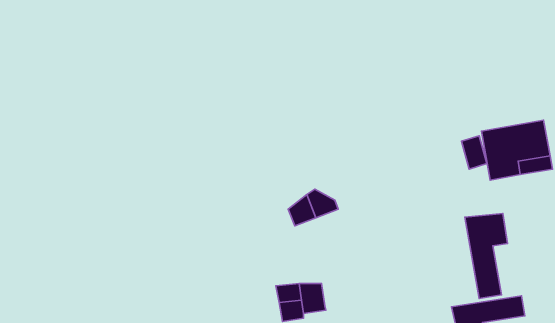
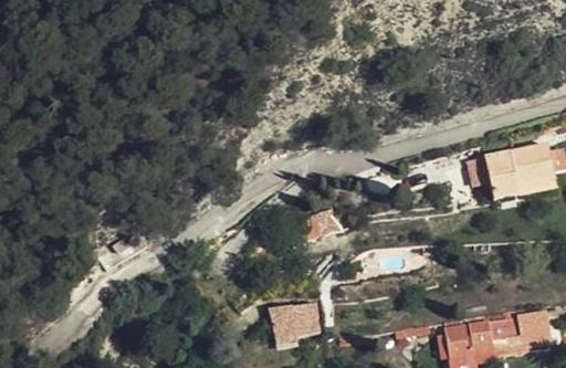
building: [465,214,508,299] -> none

